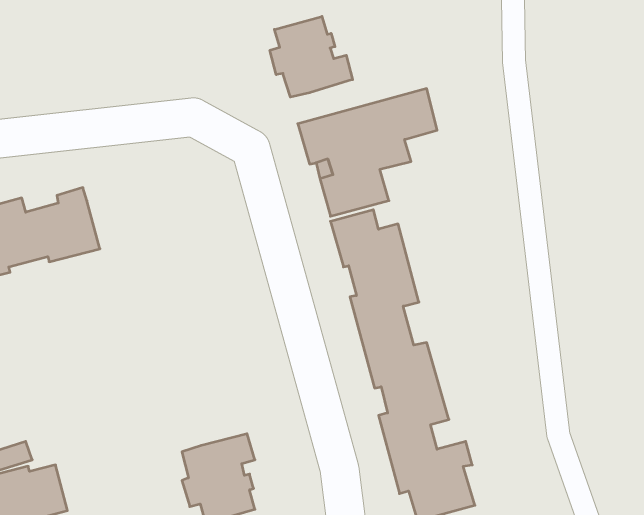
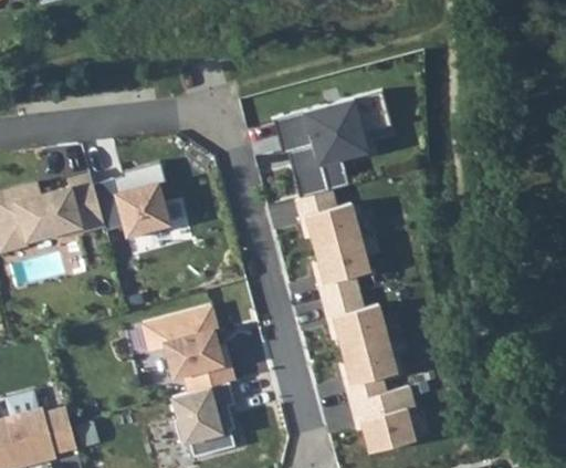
building: [270,16,353,97] -> none
building: none -> [92,163,167,240]
building: none -> [143,308,233,393]

